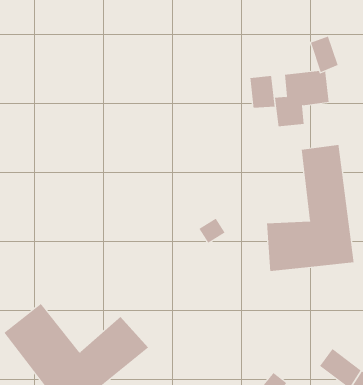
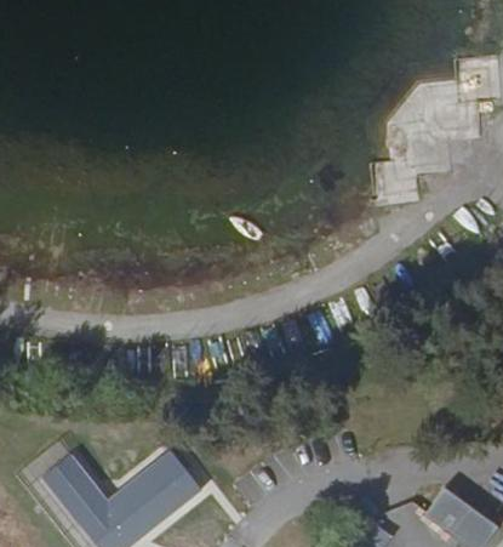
building: [250,75,275,108] -> none
building: [267,144,354,272] -> none

